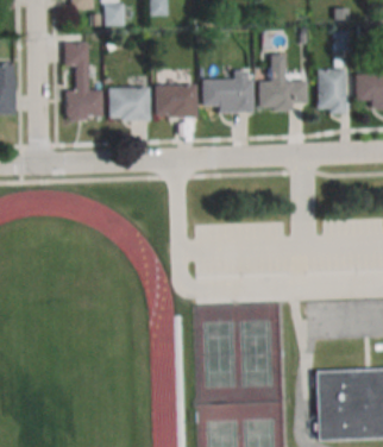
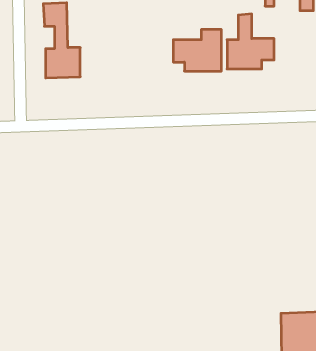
building: [318,68,345,113] -> none
building: [156,84,197,117] -> none
building: [109,87,151,119] -> none

